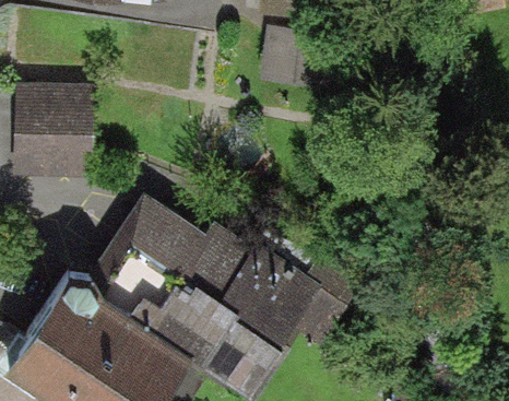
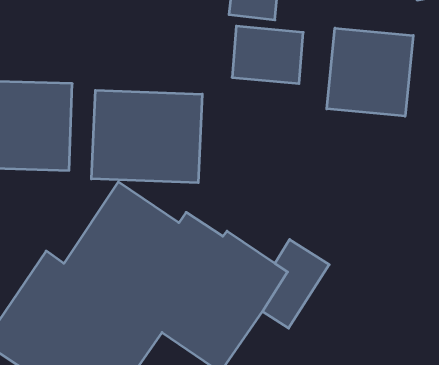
building: none -> [327,28,413,116]
building: none -> [91,90,202,183]

